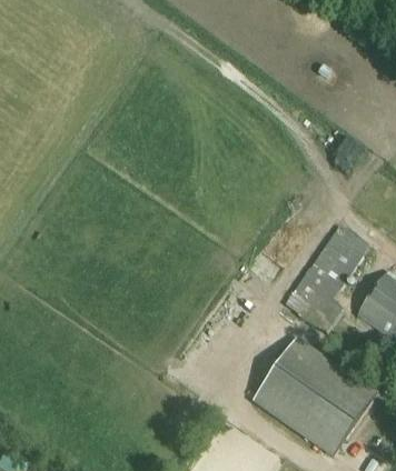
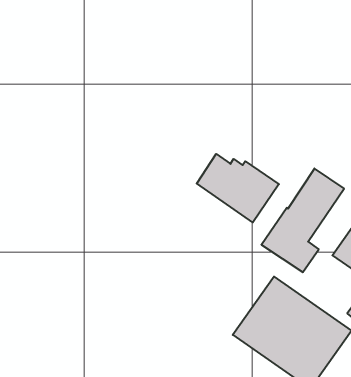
building: none -> [197,154,279,222]

